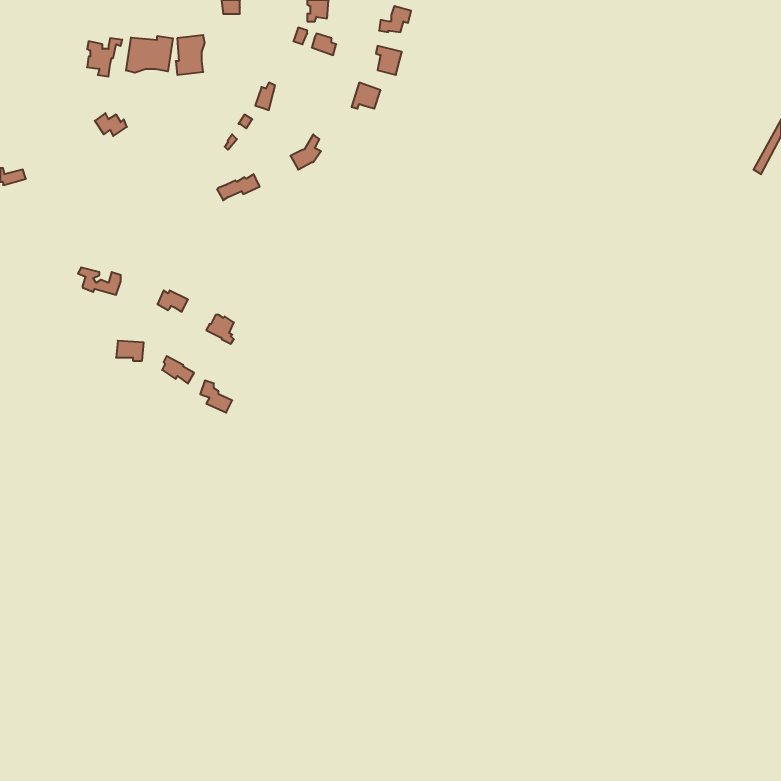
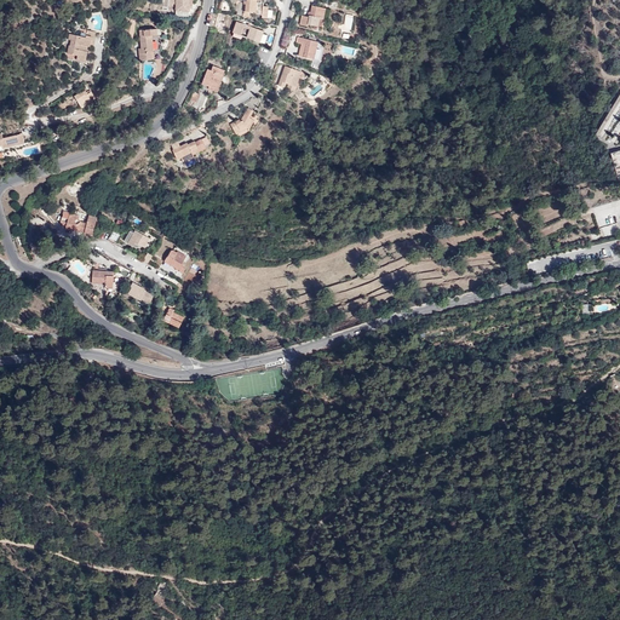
building: [126,36,173,73] -> none

